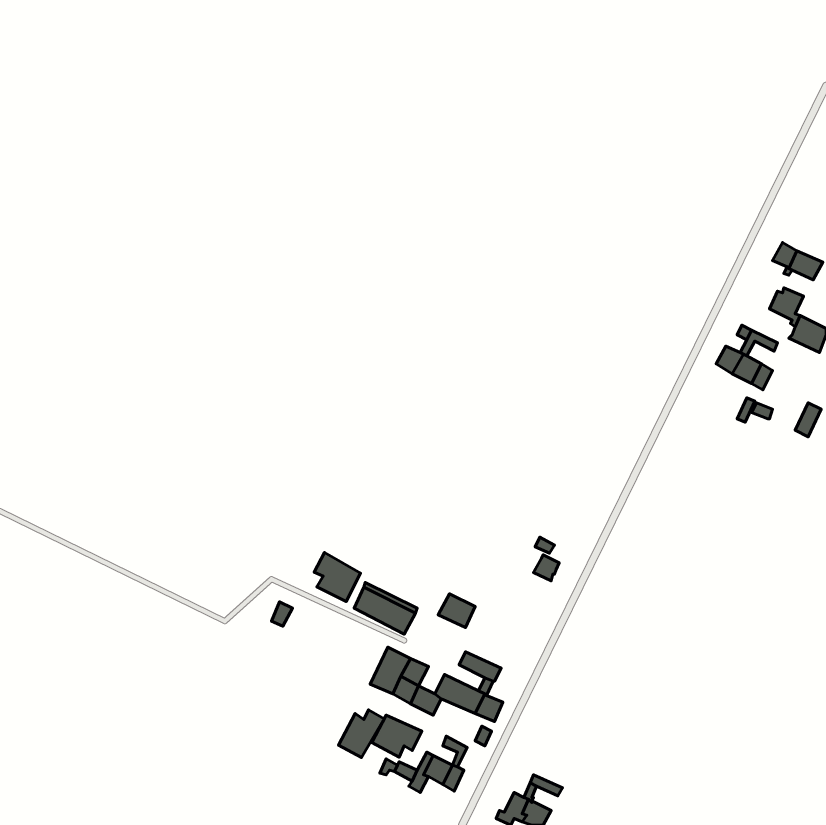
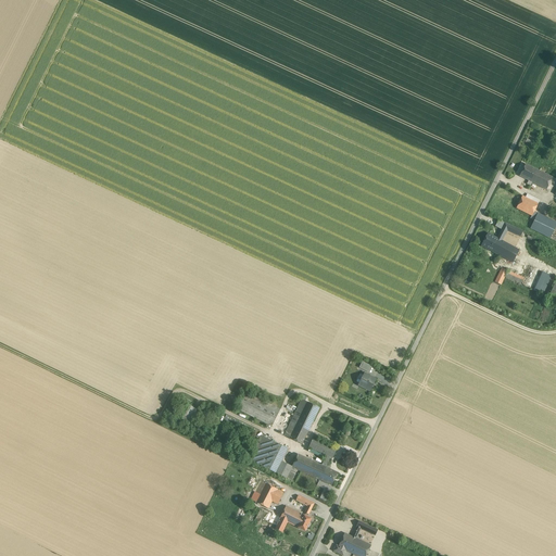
building: [314,552,360,602] -> none
building: none -> [283,413,313,443]
building: [338,710,384,757] -> none

